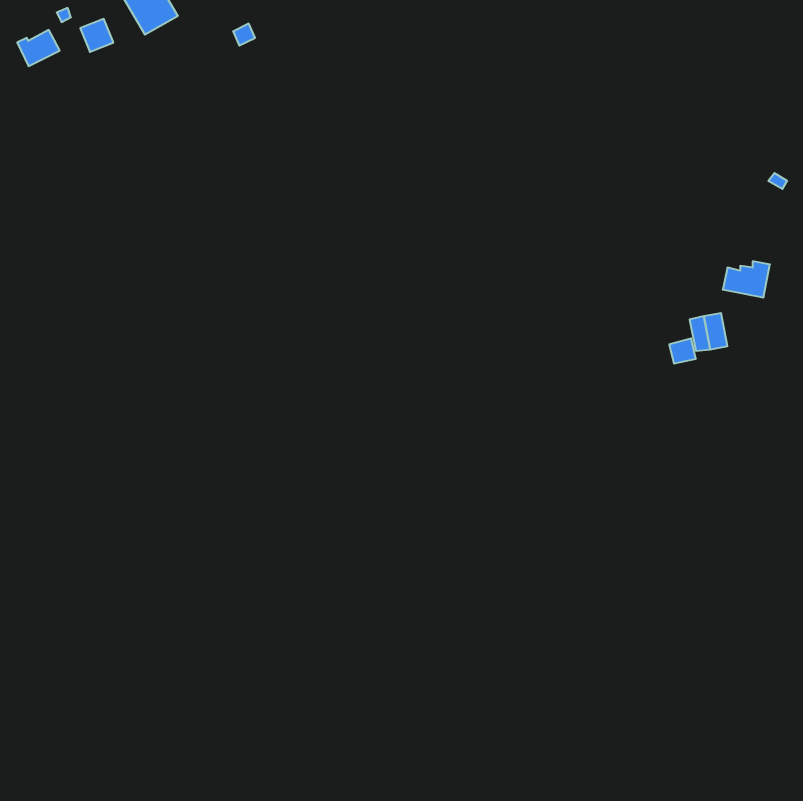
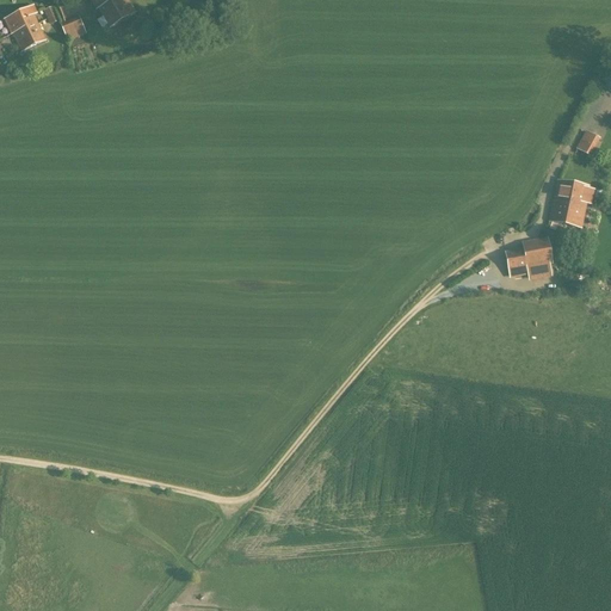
building: none -> [6,5,38,33]
building: none -> [553,183,587,205]

